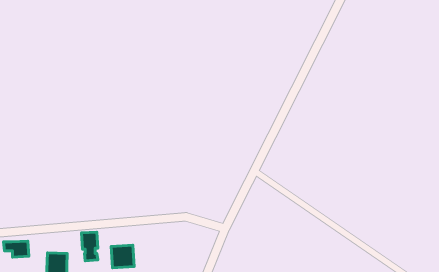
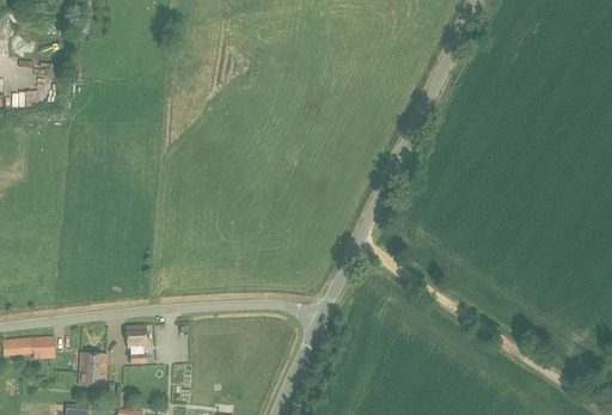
building: [111,245,134,268] -> none

